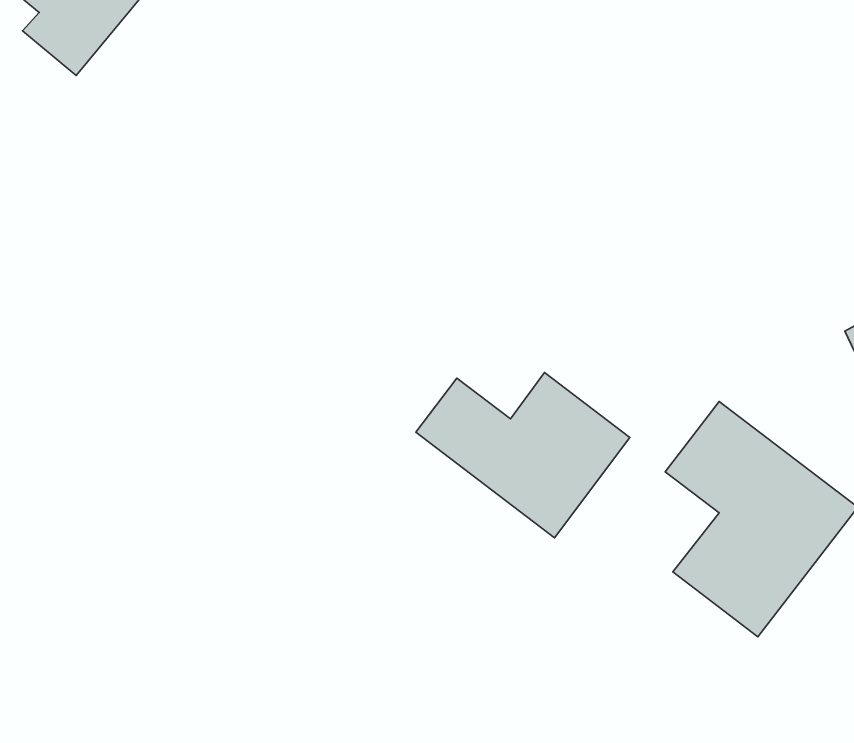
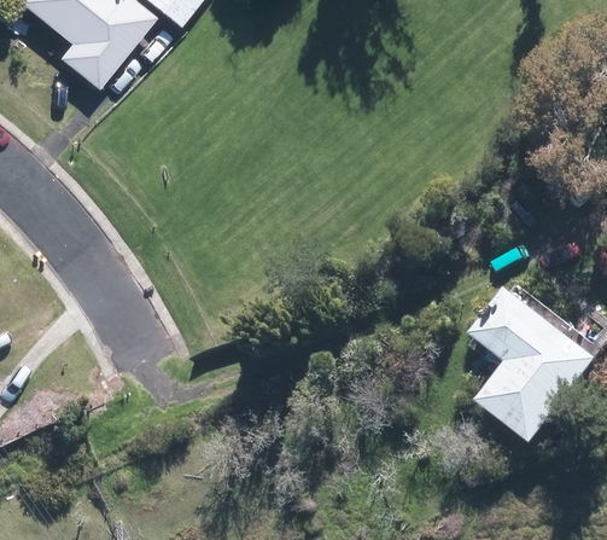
building: [416,372,630,538] -> none

